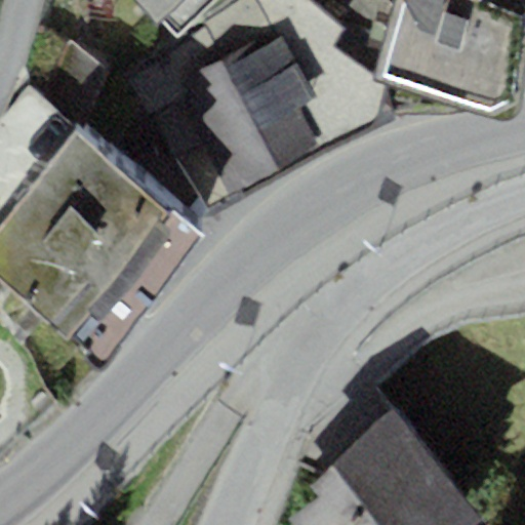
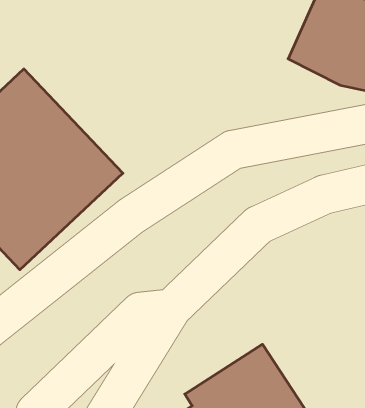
building: [178,31,327,202] -> none

